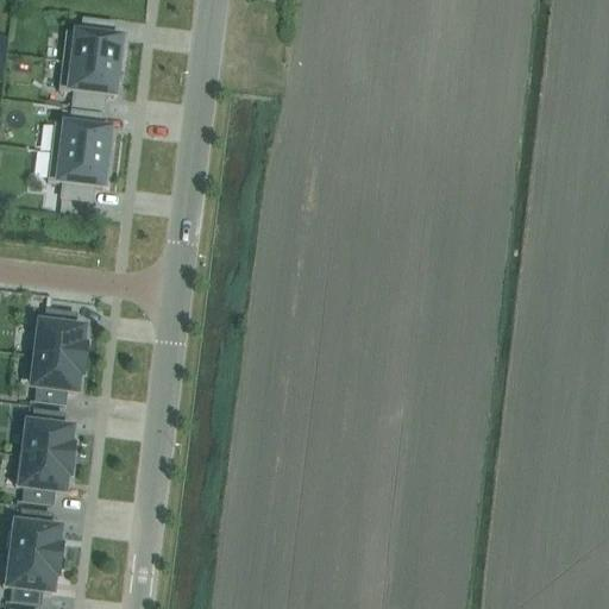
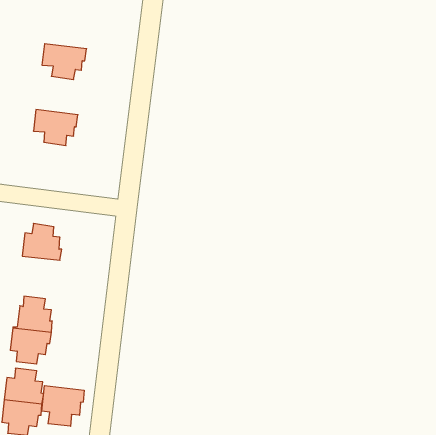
building: [64,19,124,68] -> none
building: [52,111,113,159] -> none
building: [33,356,86,406] -> none
building: none -> [42,386,84,426]

